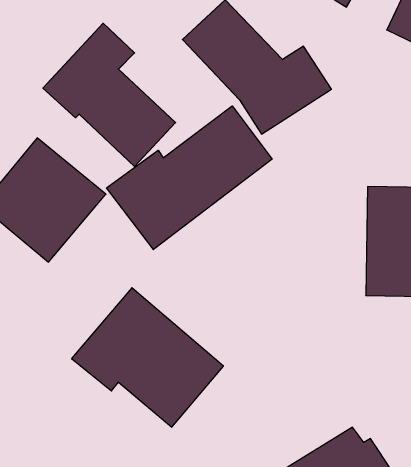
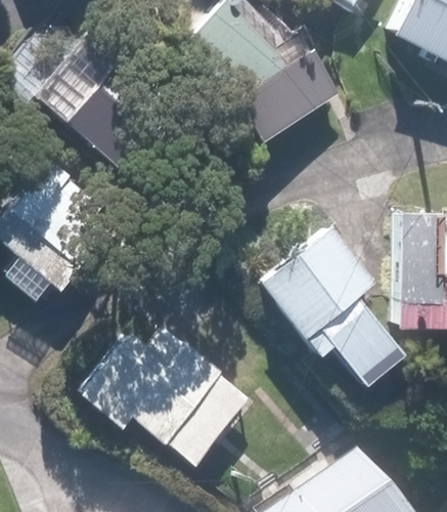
building: [107,106,272,250] -> none
building: none -> [251,221,397,384]

